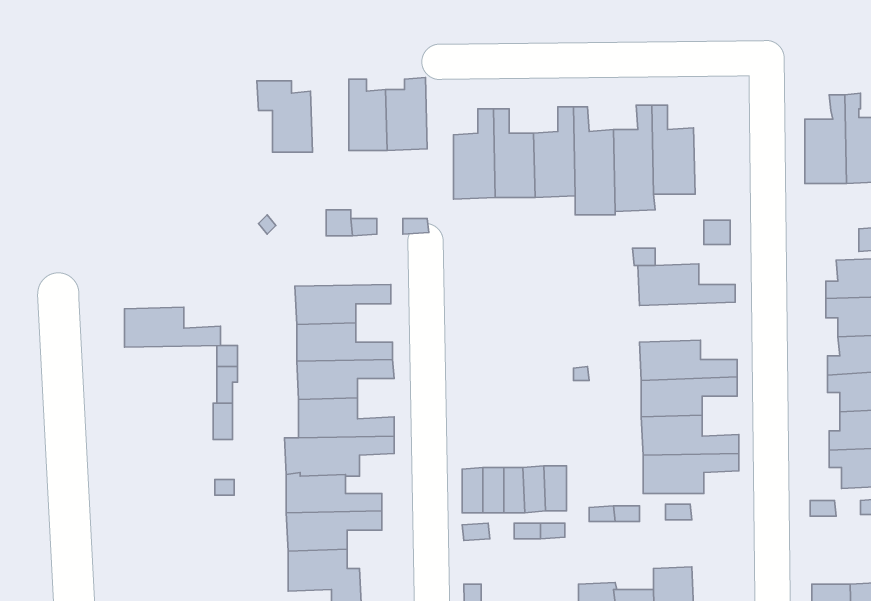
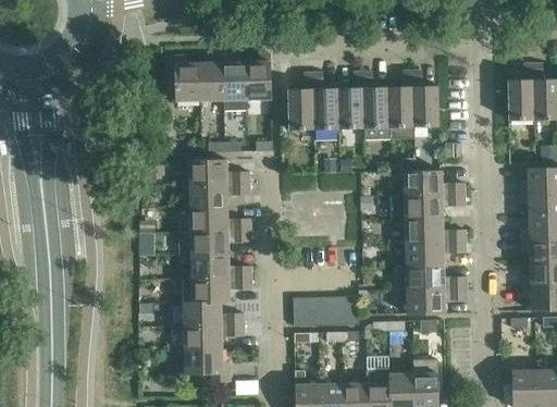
building: none -> [199,54,223,100]
building: none -> [405,194,465,219]
building: [125,307,220,347] -> [189,159,249,184]

